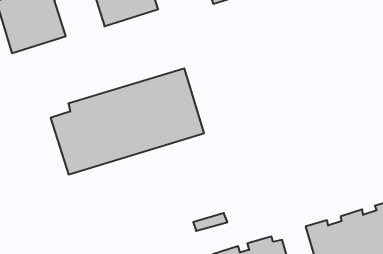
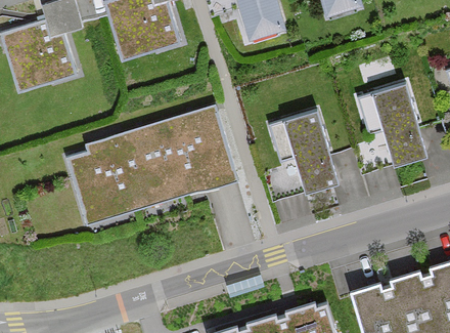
building: none -> [357,88,426,169]
building: none -> [267,116,336,197]

